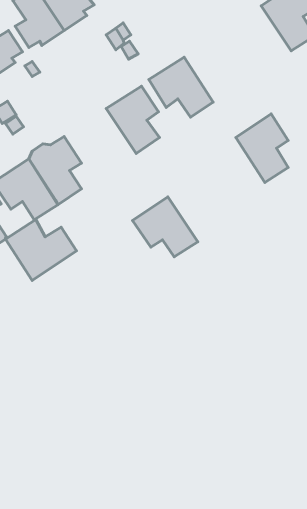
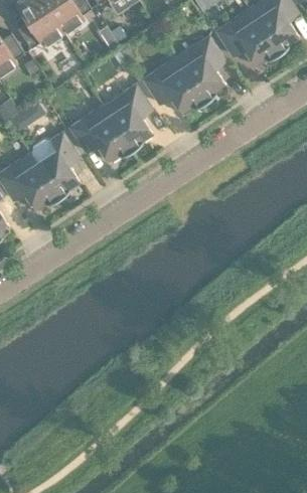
building: none -> [215,10,277,67]
building: [236,114,288,182] -> [176,36,225,101]
building: [132,197,198,257] -> [69,107,131,163]
building: [5,220,76,280] -> none

